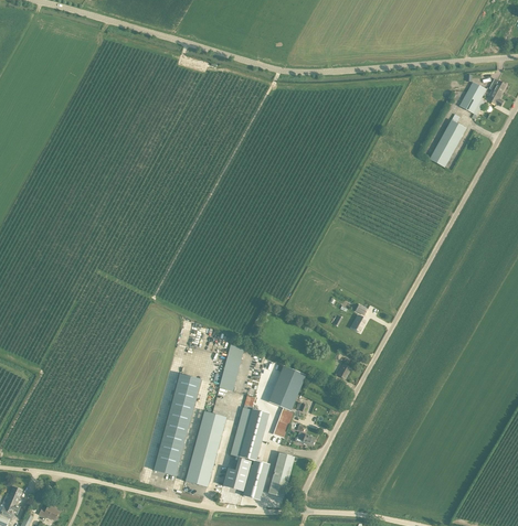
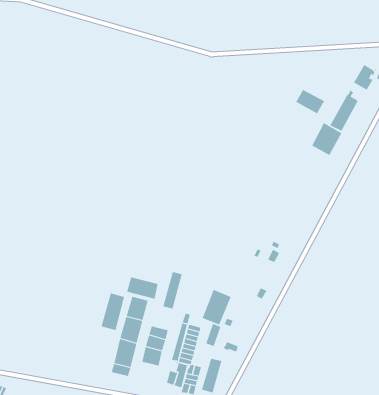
building: none -> [296,89,325,114]
building: none -> [312,122,342,156]
building: none -> [127,277,158,299]
building: none -> [101,292,124,331]
building: [186,457,214,486] -> none

